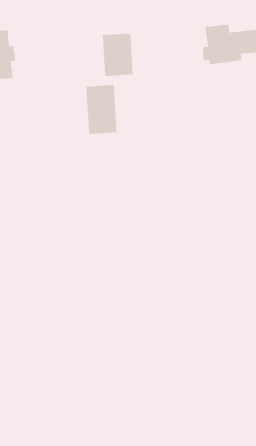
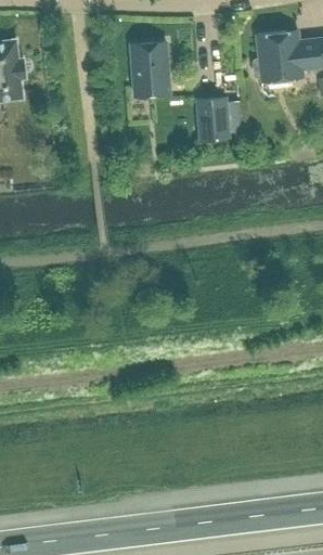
building: none -> [196,99,228,140]
building: [86,84,117,135] -> none

